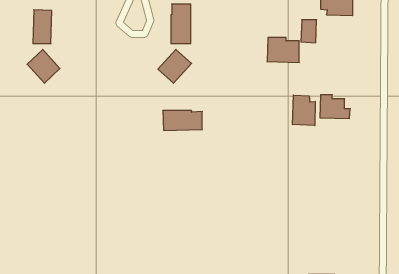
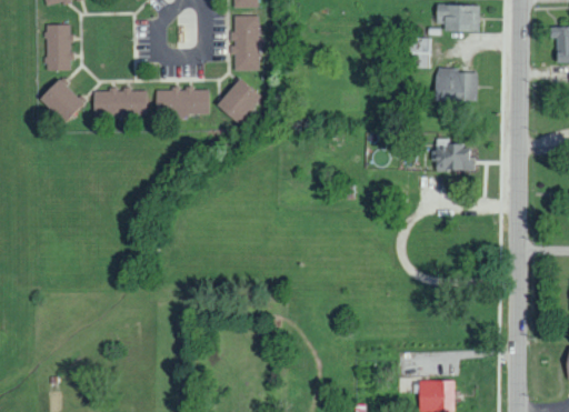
building: [267,38,299,62] -> [435,68,478,101]
building: none -> [93,90,148,117]
building: [293,95,315,126] -> none
building: [163,111,202,130] -> [156,89,209,115]

